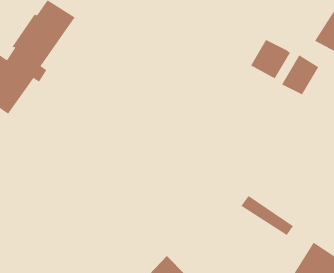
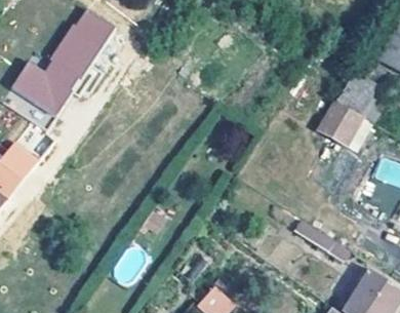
building: [250,39,291,79] -> [319,102,362,144]

